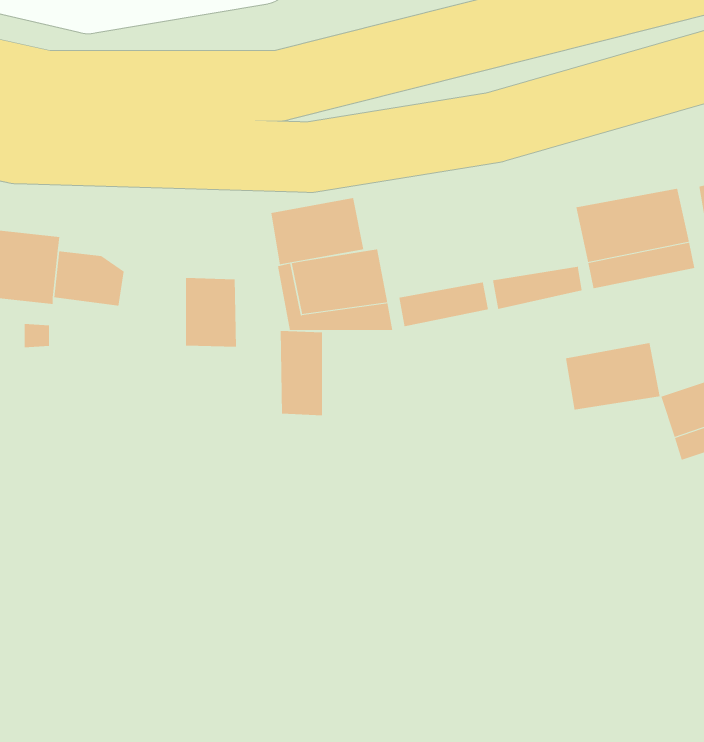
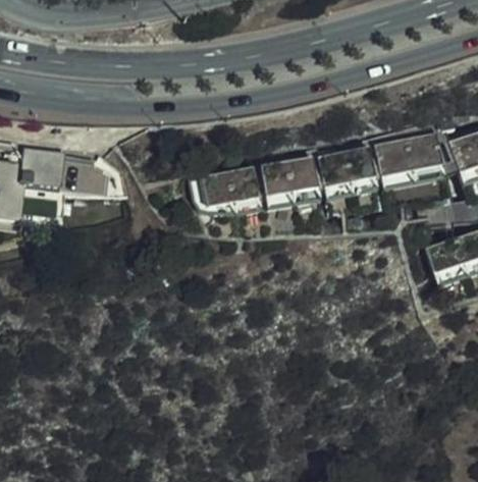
building: [271,197,364,265] -> [263,151,318,191]
building: [186,277,237,348] -> none
building: [280,330,322,416] -> none
building: [565,343,660,410] -> [318,141,374,180]

